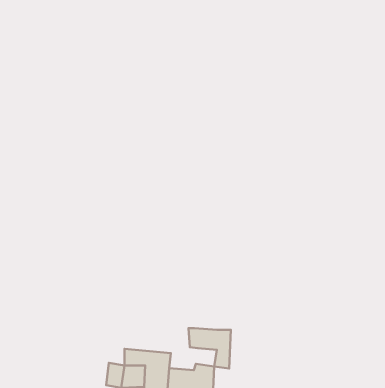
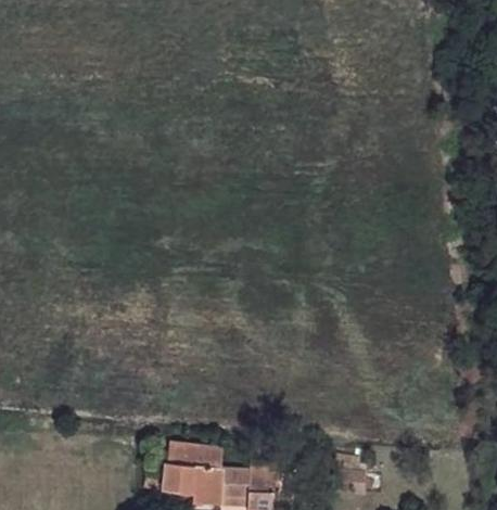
building: [188,328,231,368] -> none

